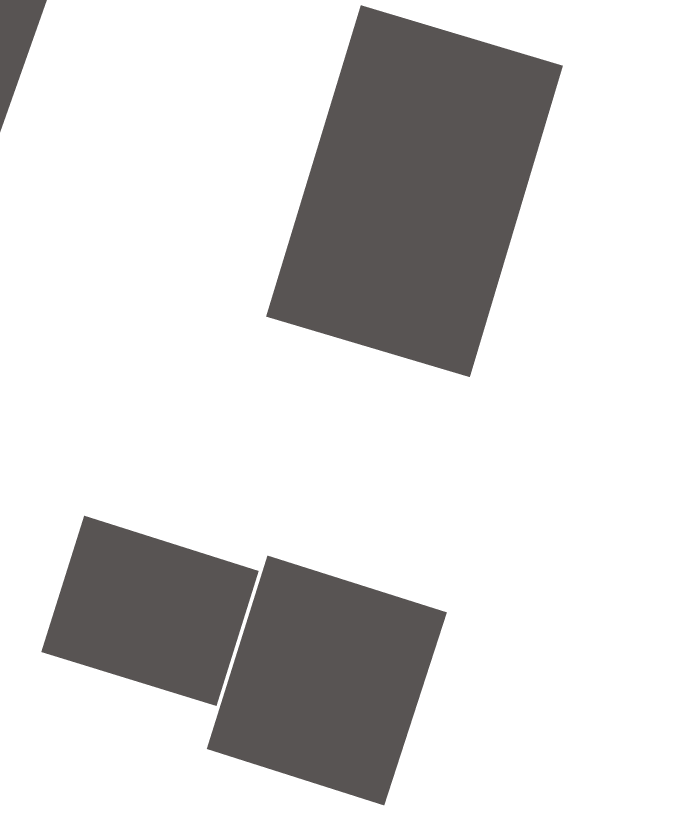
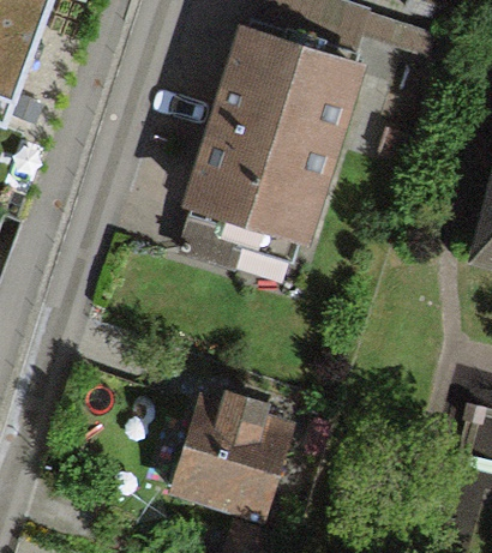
building: [40,515,259,707] -> none

